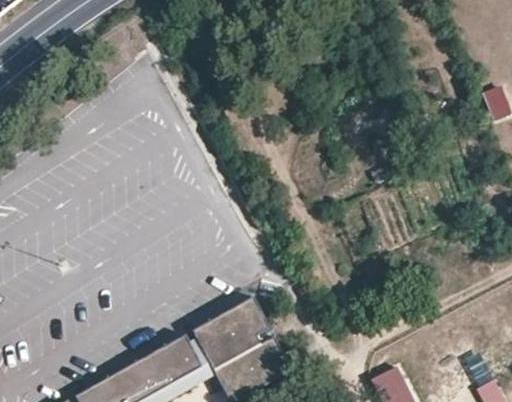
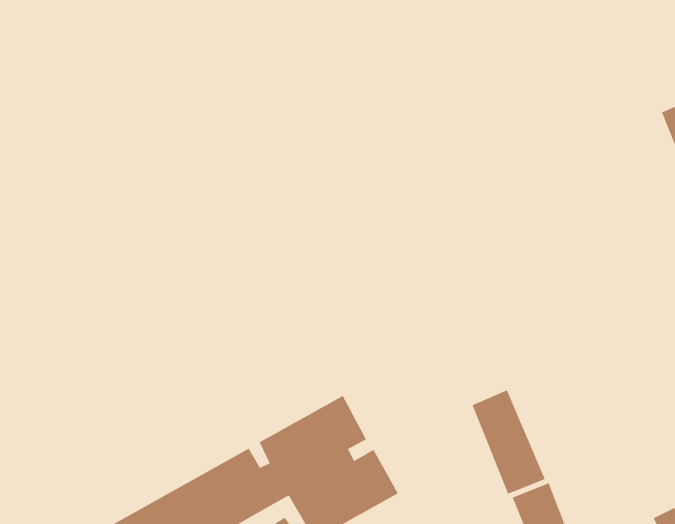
building: none -> [472,389,545,495]

